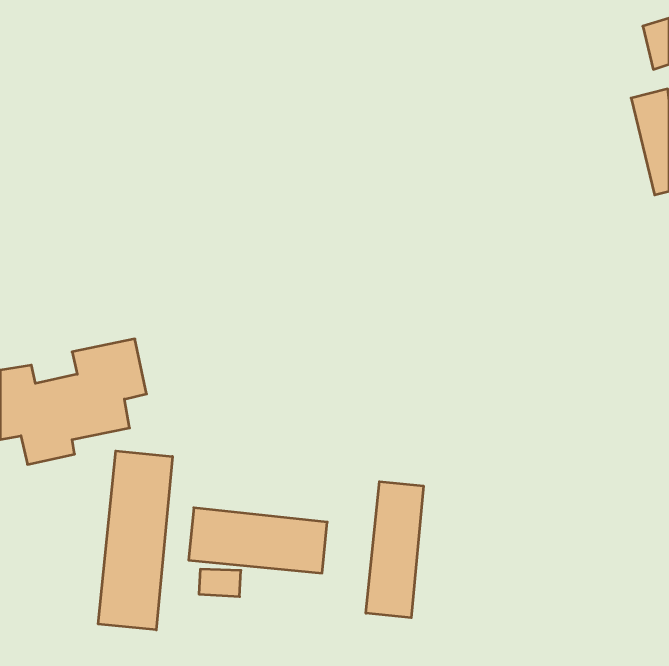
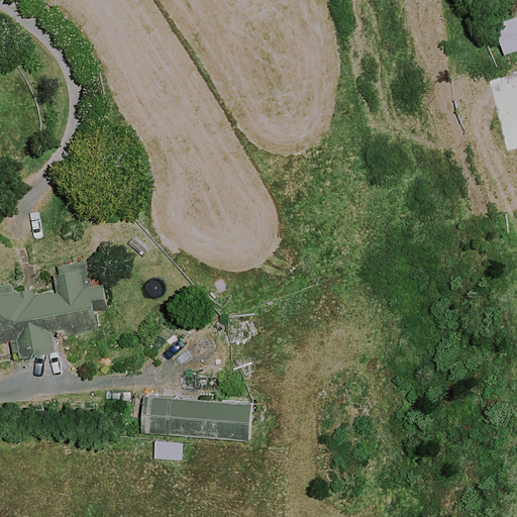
building: [98,451,172,630] -> none
building: [366,482,423,618] -> none

